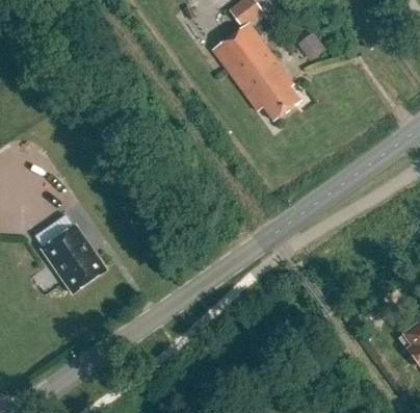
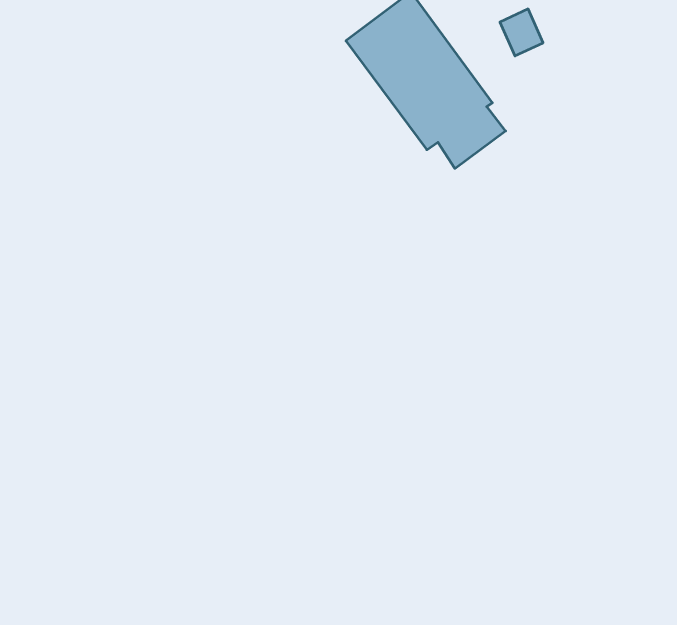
building: [41,225,105,293] -> none

